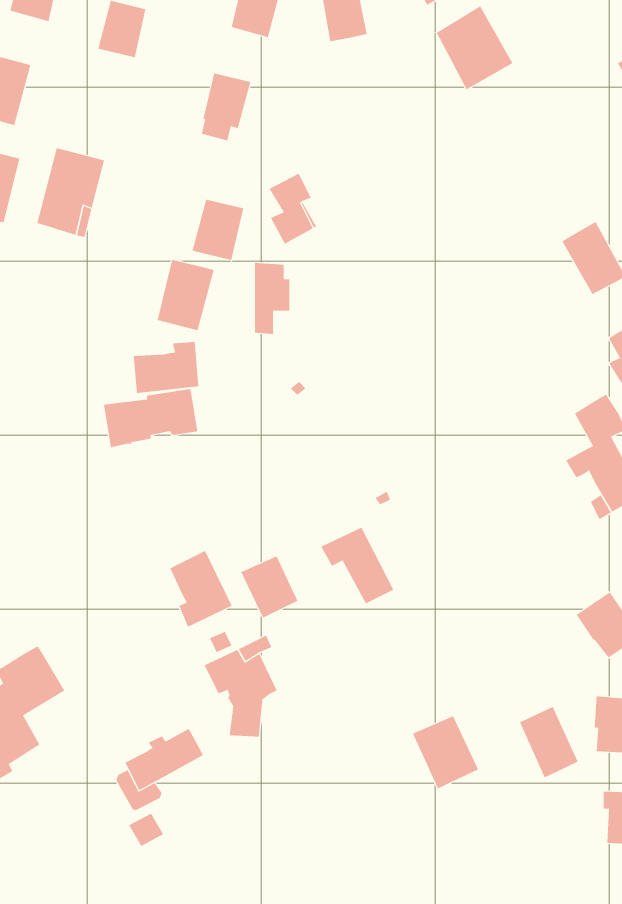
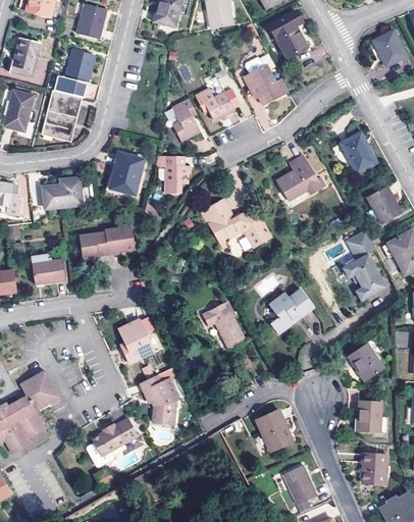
building: [201,73,251,141] -> [64,50,93,89]
building: none -> [242,52,289,105]
building: none -> [196,81,235,119]
building: [192,199,244,261] -> none
building: none -> [276,153,325,199]
building: [133,341,199,394] -> [43,177,81,207]
building: none -> [200,200,271,248]
building: none -> [30,253,64,281]
building: none -> [269,289,314,333]
building: [240,555,298,619] -> none
building: [519,706,578,778] -> [282,466,316,507]

